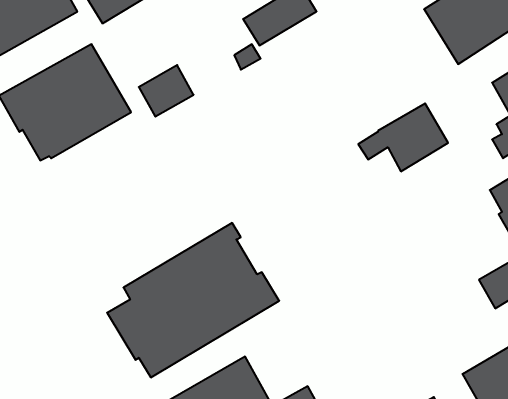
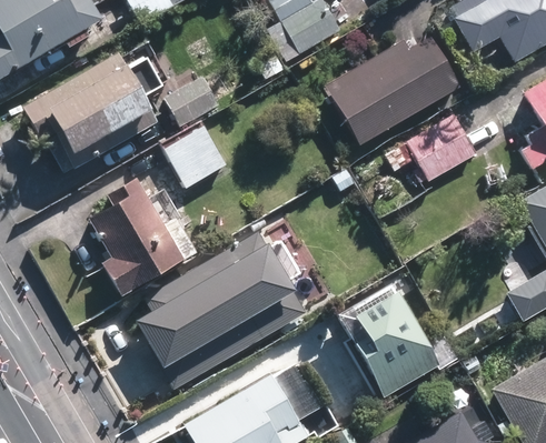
building: none -> [328,37,460,143]
building: none -> [165,122,231,191]
building: none -> [91,178,185,295]
building: none -> [345,279,443,389]

